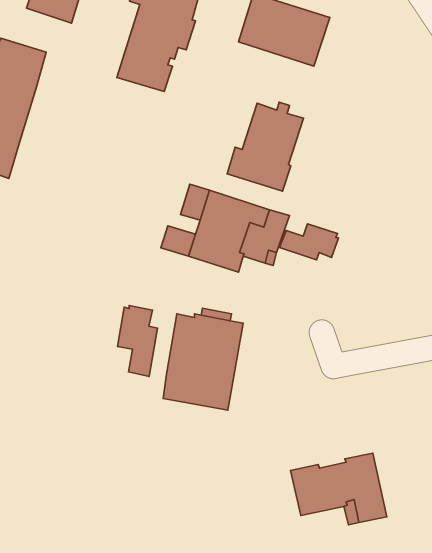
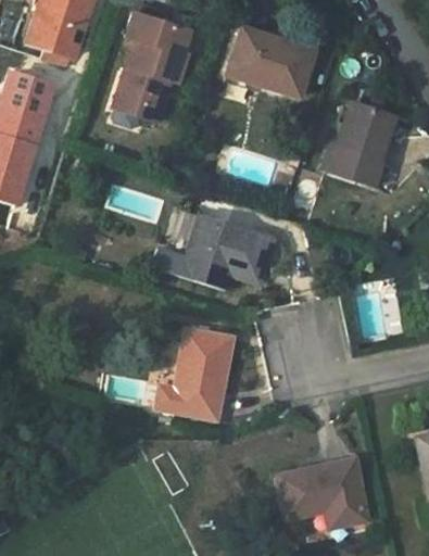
building: [227,102,304,191] -> [325,102,396,186]
building: [279,224,338,260] -> none
building: [118,305,157,376] -> none

